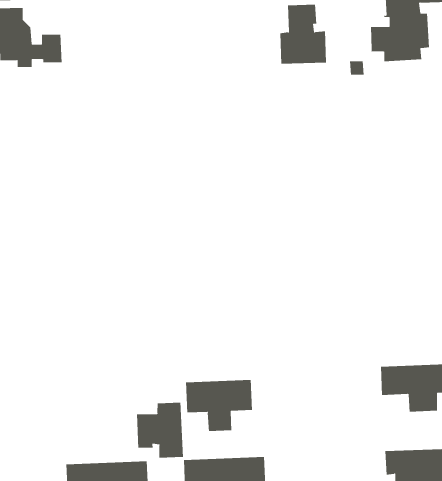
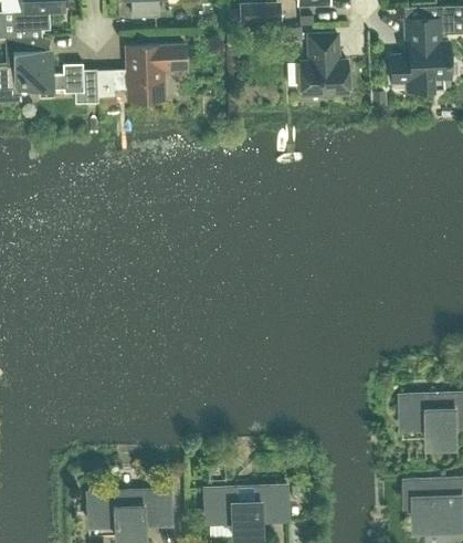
building: none -> [96,44,186,103]
building: [186,379,253,432] -> none
building: [136,402,184,458] -> none

